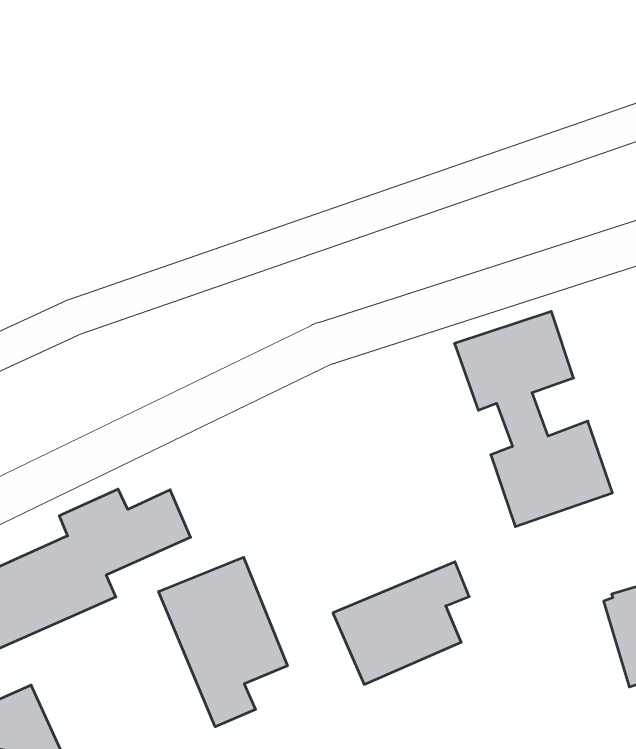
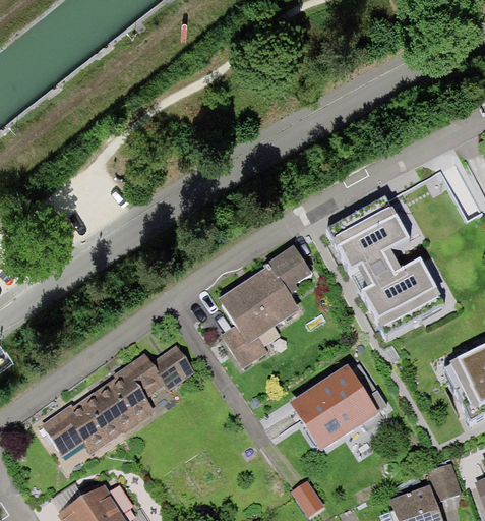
building: none -> [214,244,314,369]
building: [159,557,287,727] -> none

